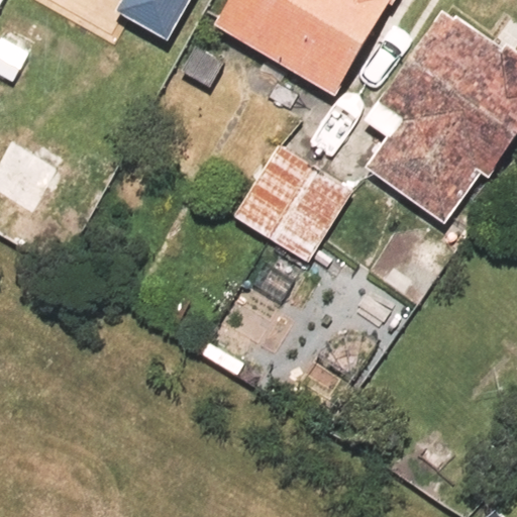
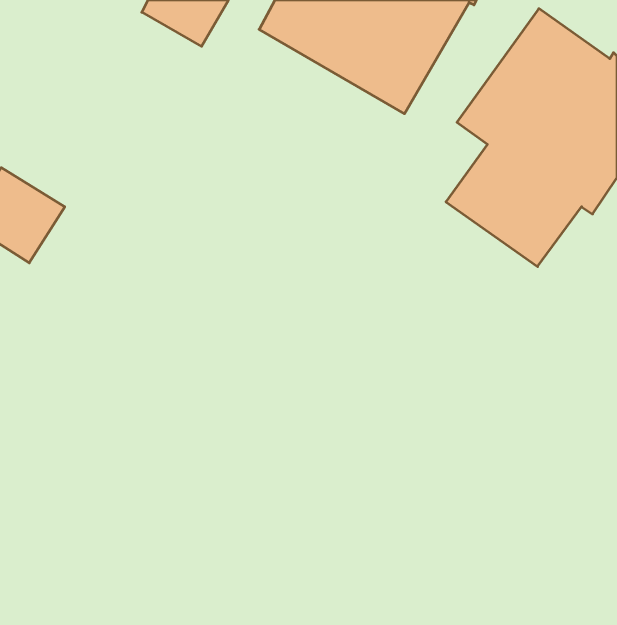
building: [232,145,349,262] -> none

